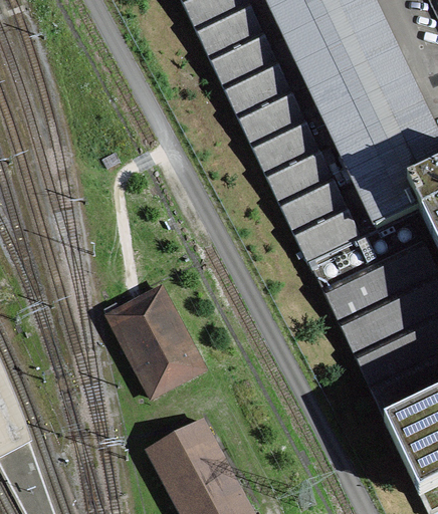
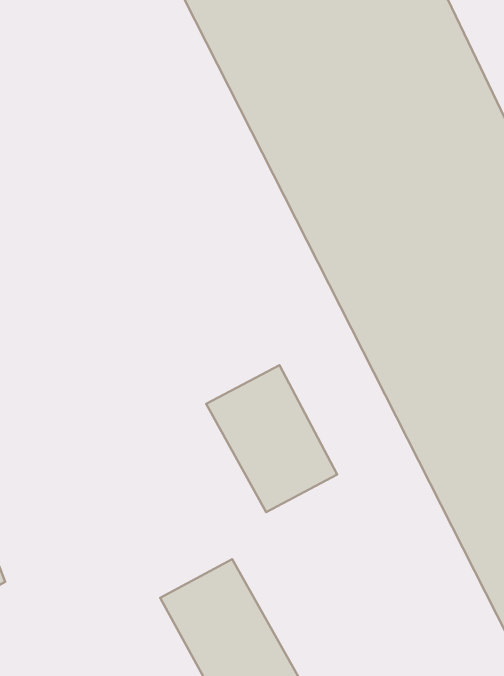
building: [115,284,213,395] -> [206,365,337,512]

